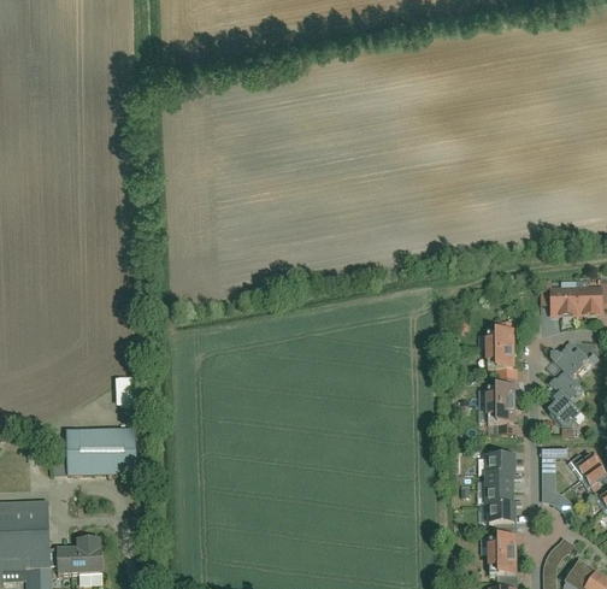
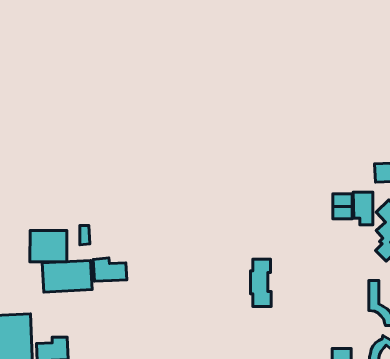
building: [484,383,513,430] -> [353,192,373,225]
building: none -> [30,231,67,262]
building: none -> [93,258,127,281]
building: [484,452,514,520] -> [250,259,271,306]
building: [487,534,514,554] -> none

